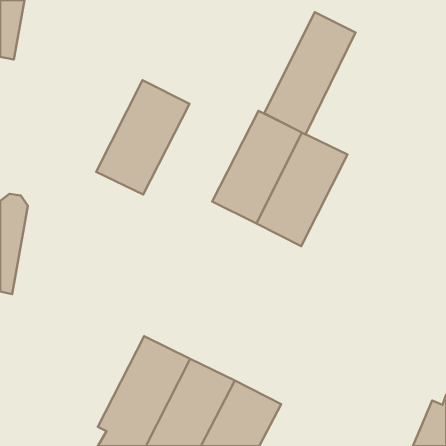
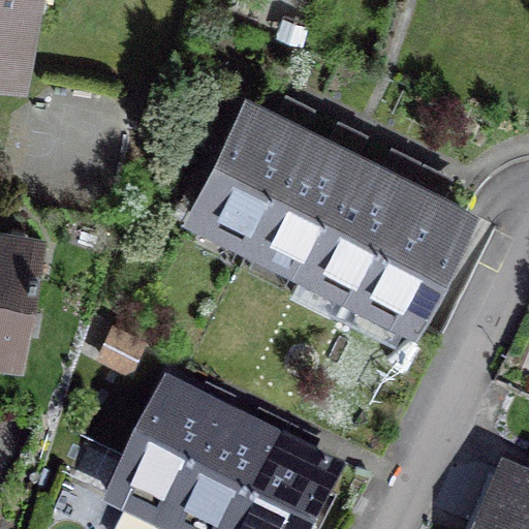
building: [264,12,356,134] -> none
building: [96,80,190,195] -> [195,103,306,239]
building: none -> [356,183,465,318]

